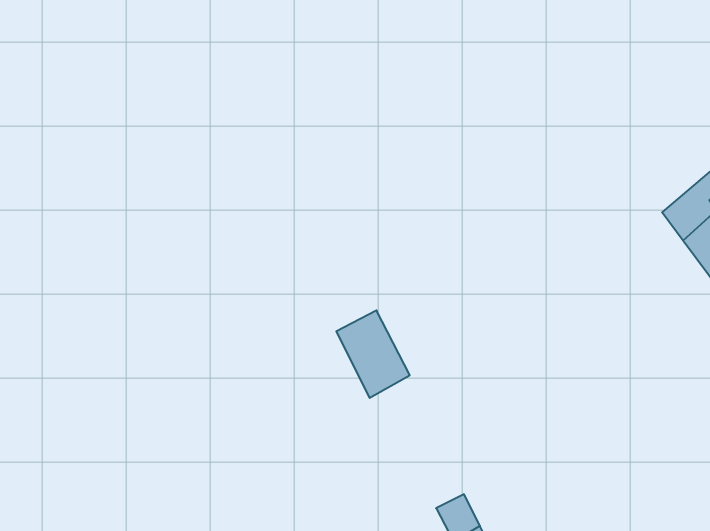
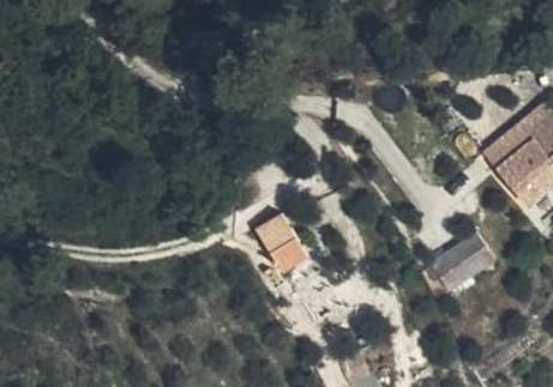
building: none -> [438,237,494,292]

